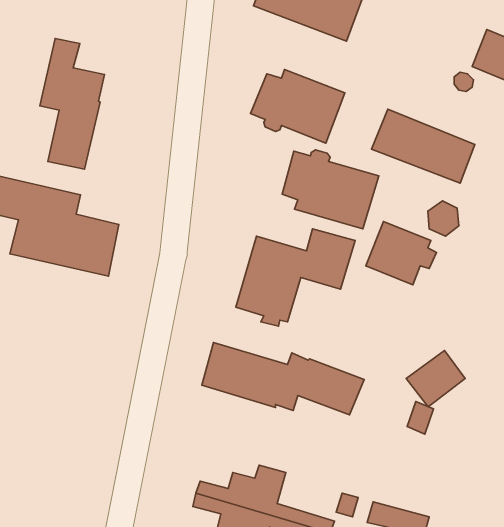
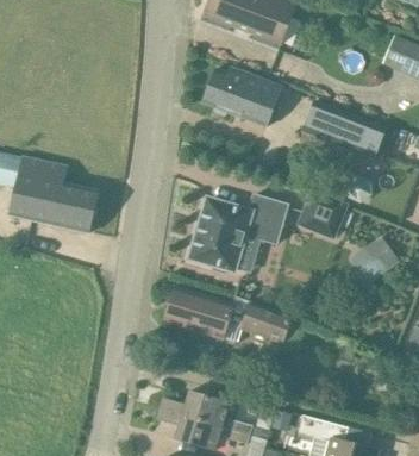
building: [40,39,105,169] -> none
building: [282,150,379,229] -> none
building: [406,351,465,407] -> [349,235,396,280]

